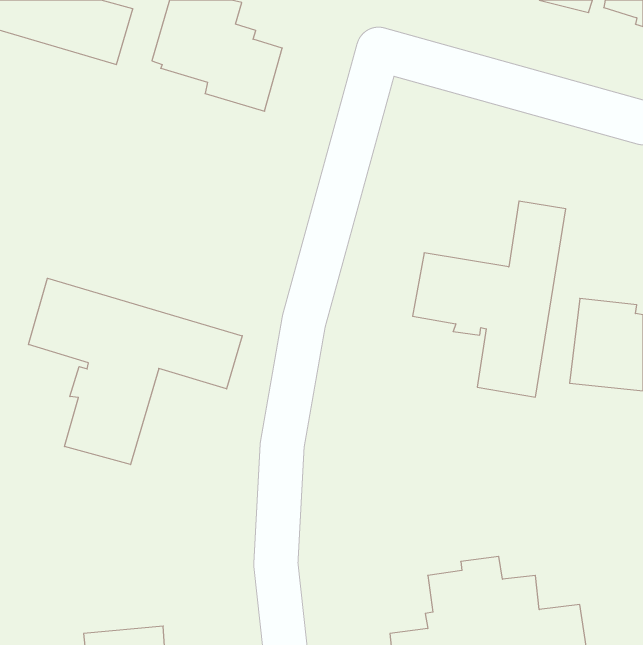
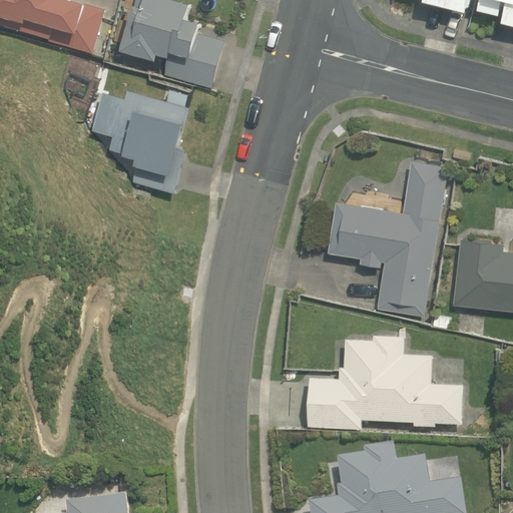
building: none -> [91,89,190,192]
building: [29,278,242,465] -> none
building: none -> [307,331,464,429]

